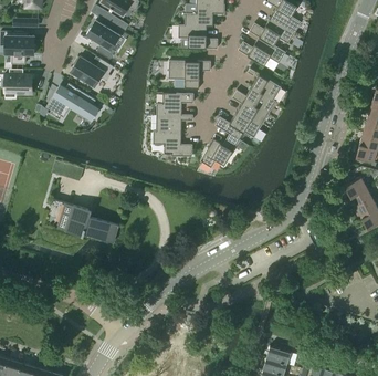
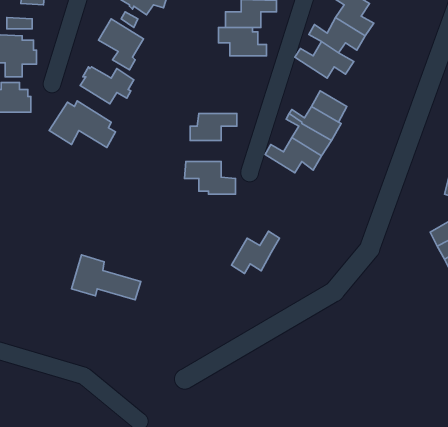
building: [169,61,210,90] -> none
building: [156,115,192,132] -> none
building: [201,135,239,168] -> [232,231,280,274]

